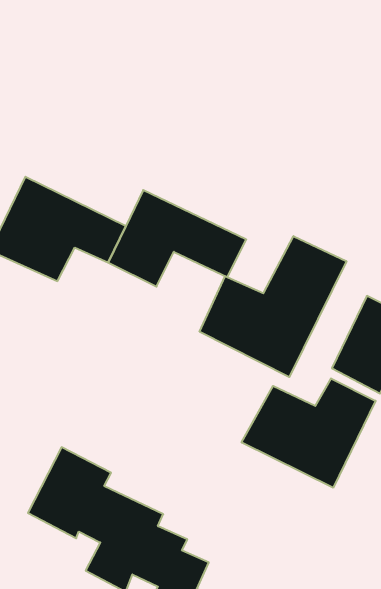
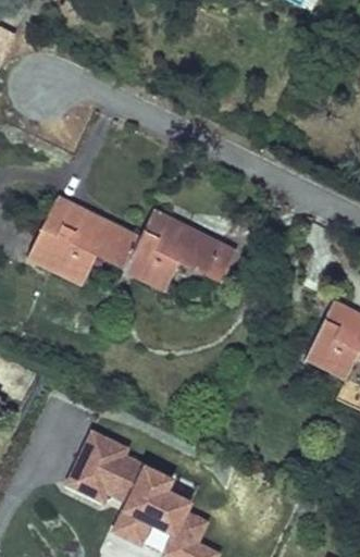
building: [200,236,346,377] -> none
building: [242,378,376,488] -> none

